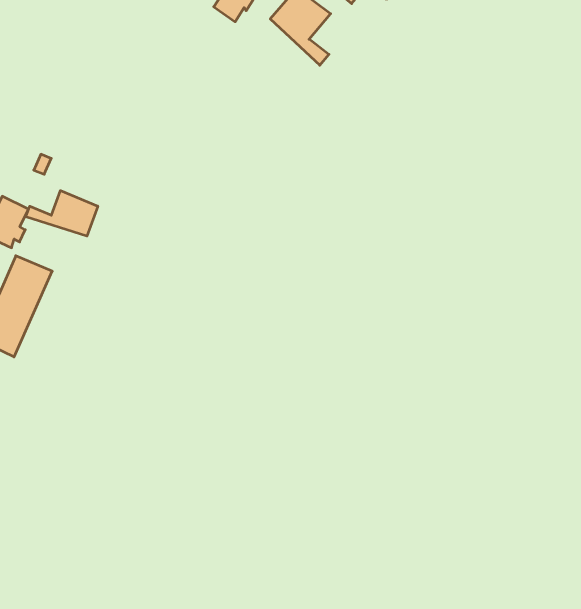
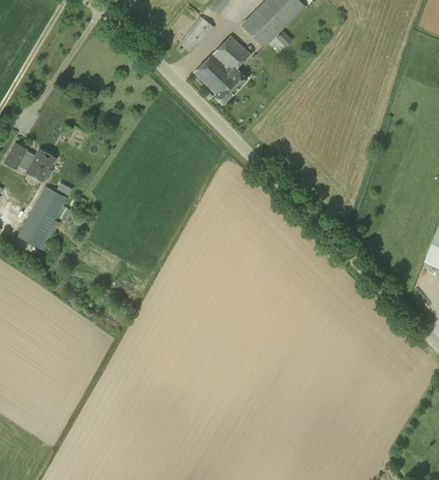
building: none -> [193,54,241,104]
building: [26,191,98,236] -> none

